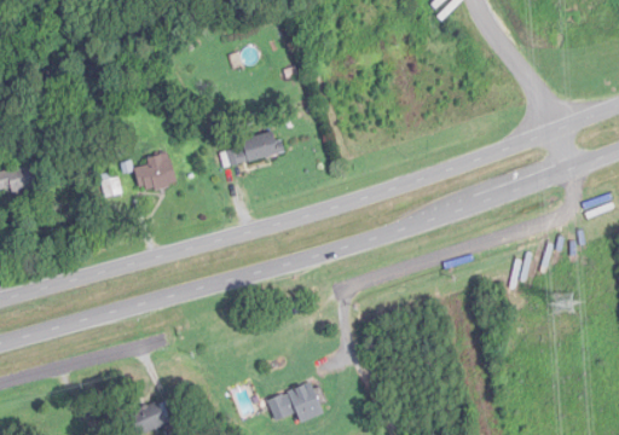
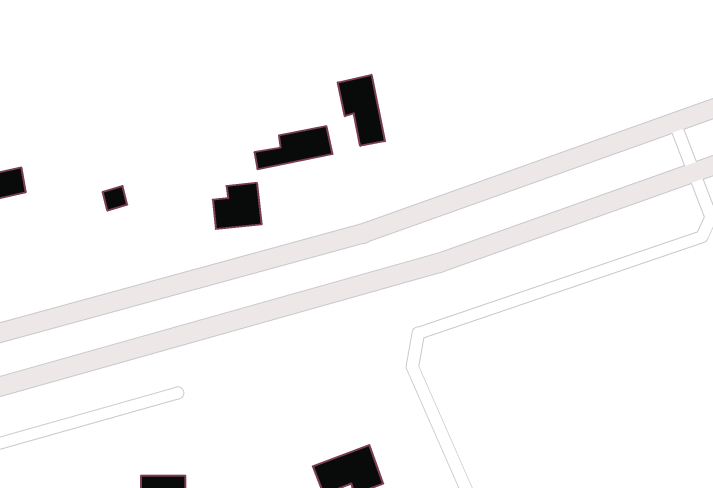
building: none -> [338,75,385,146]
building: [135,153,174,190] -> [213,183,262,229]

